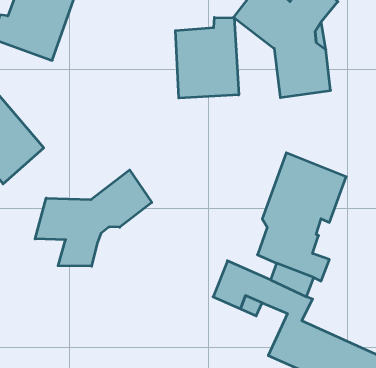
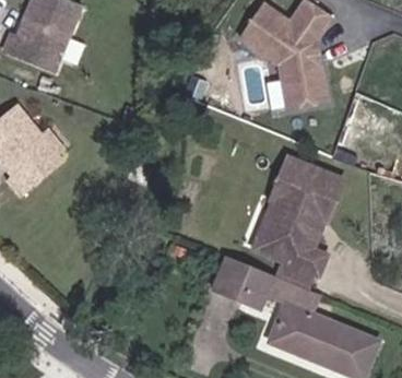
building: [175,17,239,98] -> none
building: [35,170,152,266] -> none

